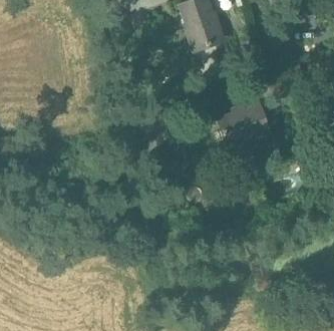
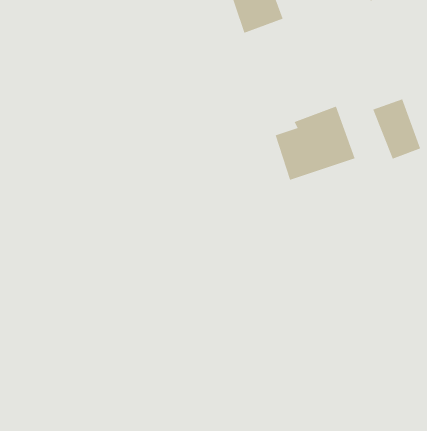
building: none -> [373,99,421,160]

